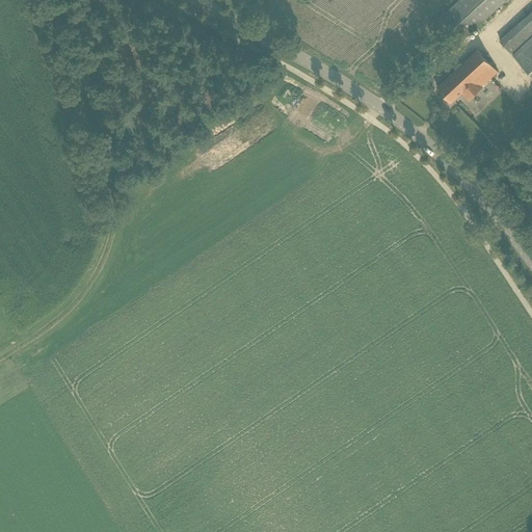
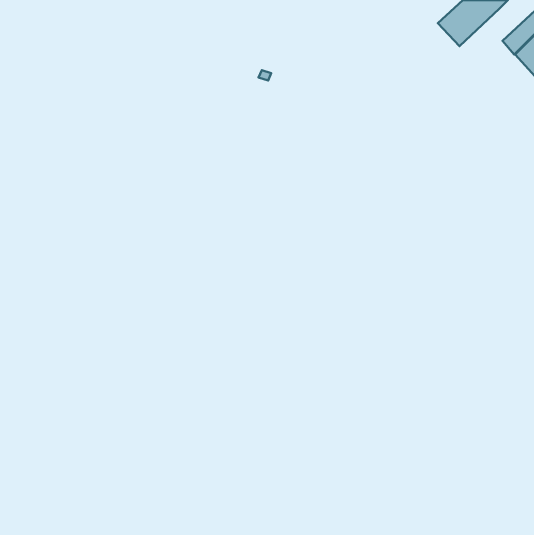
building: [437,50,499,102] -> none

